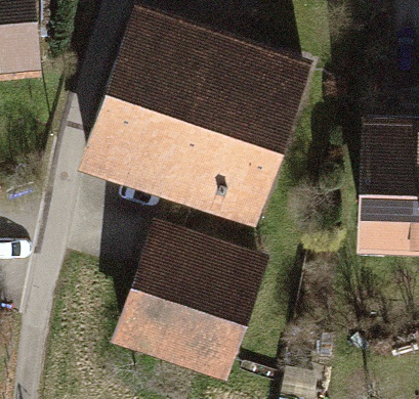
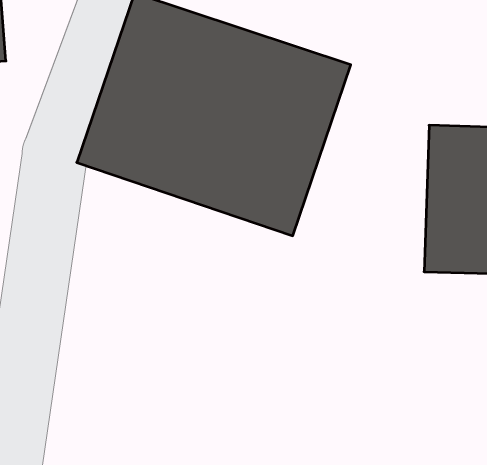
building: [122,235,261,365] -> none

